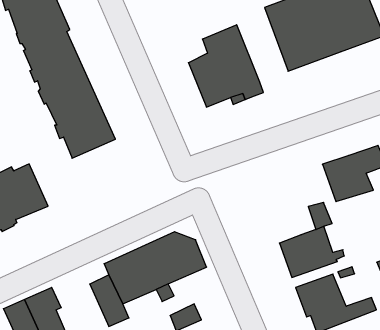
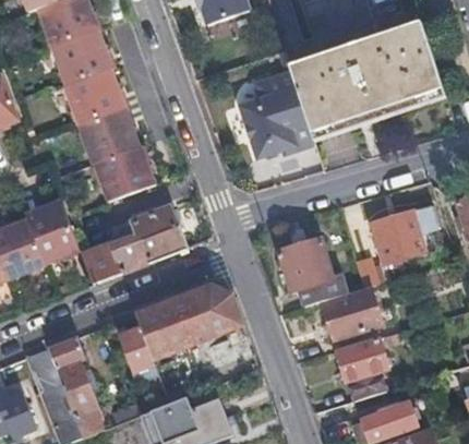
building: none -> [288,52,341,131]
building: none -> [80,202,185,284]
building: none -> [277,237,346,308]

